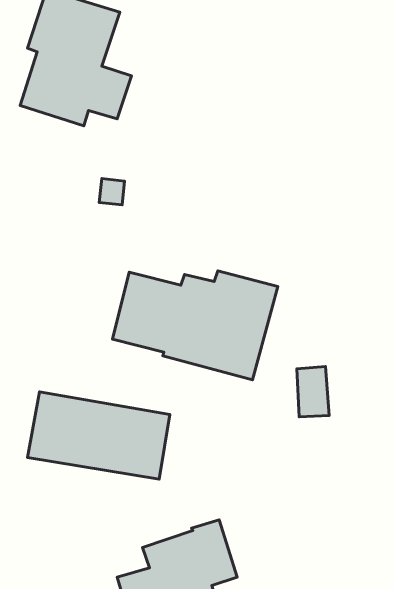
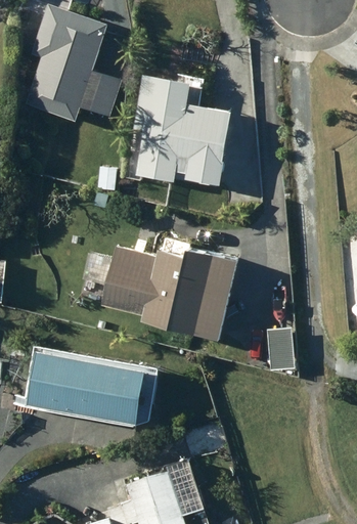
building: none -> [120,74,225,188]

